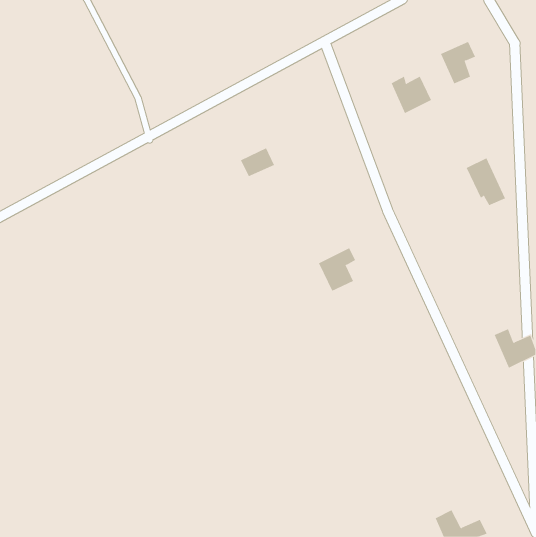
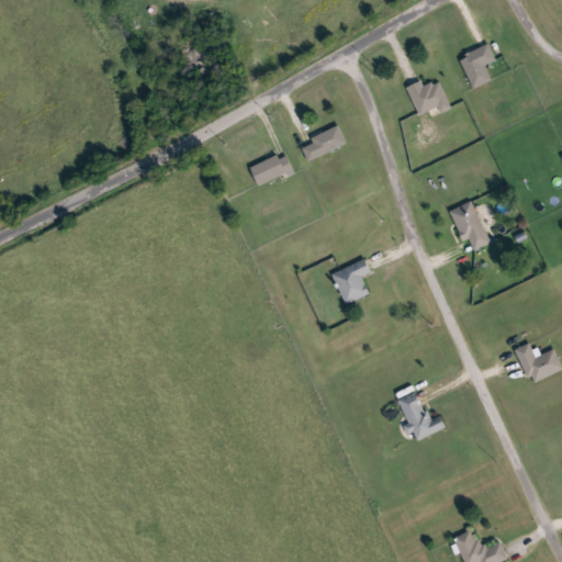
building: none -> [302,124,347,160]
building: [466,157,506,206] -> [449,200,491,250]
building: none -> [398,392,446,440]

